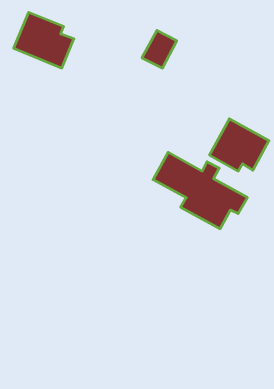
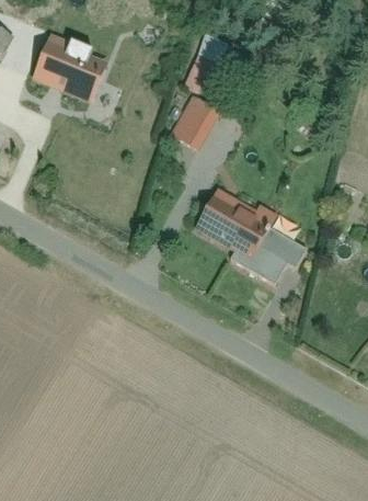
building: none -> [166,95,219,153]
building: [210,119,269,171] -> none

